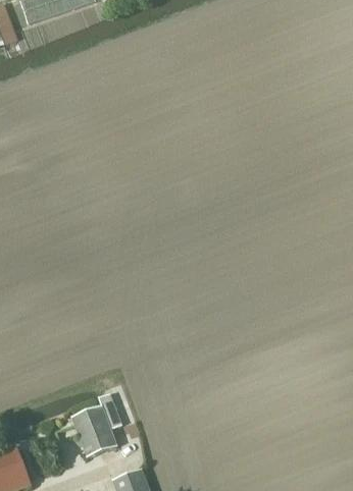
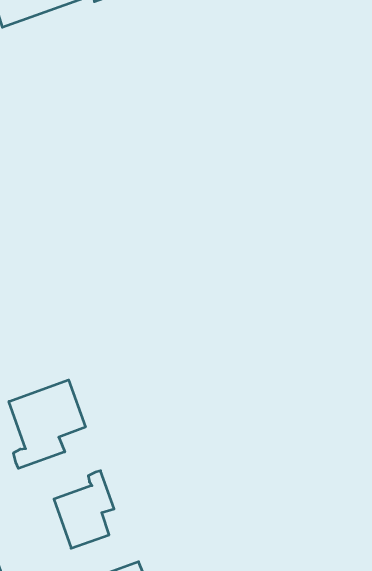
building: none -> [9,380,85,468]

